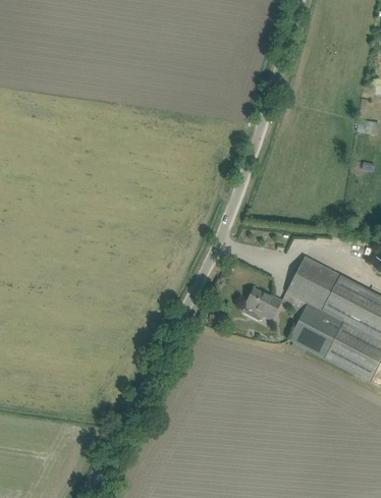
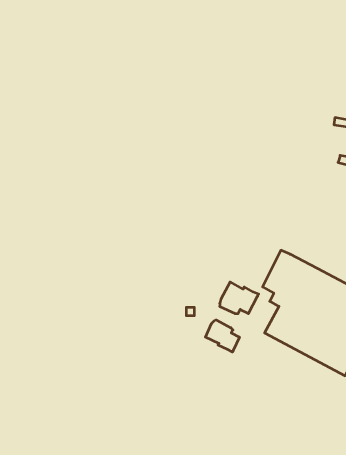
building: none -> [205,320,239,352]

